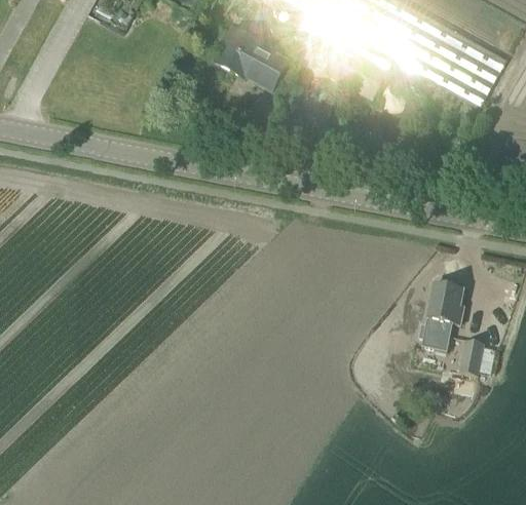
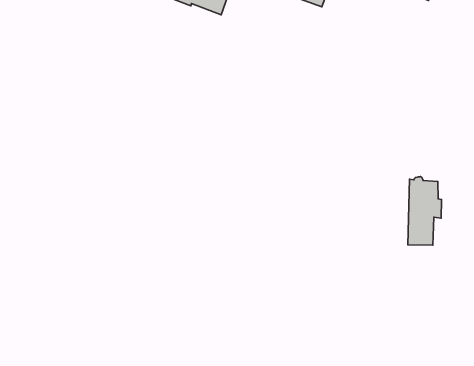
building: [457,336,483,373] -> none

